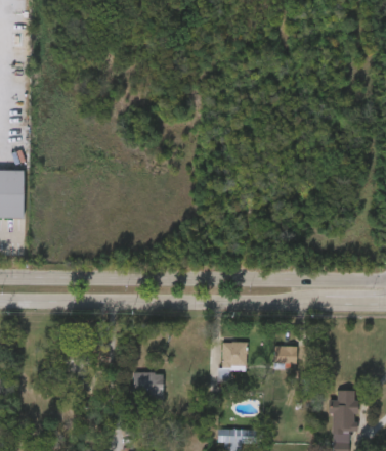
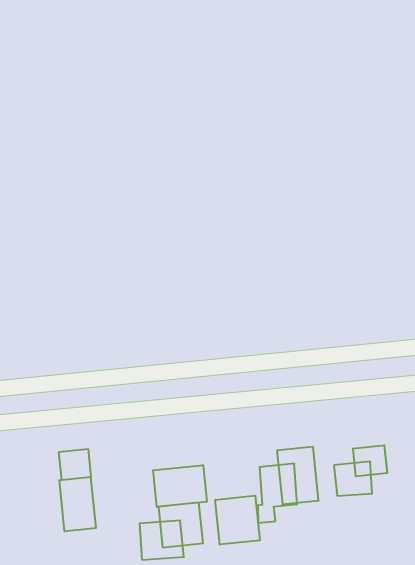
building: none -> [59,449,91,480]
building: none -> [153,465,207,507]
building: none -> [215,496,260,545]

